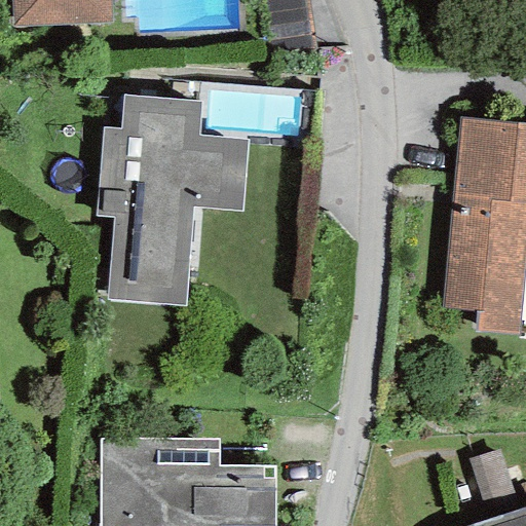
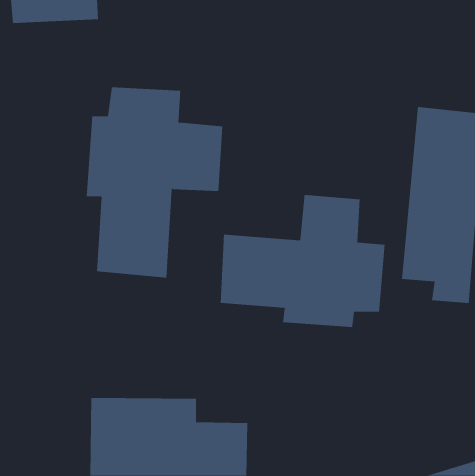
building: none -> [220,194,385,328]

